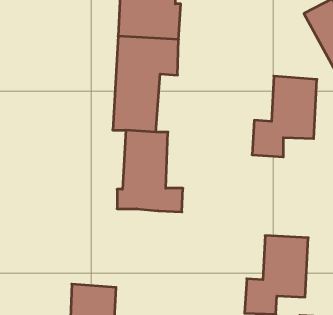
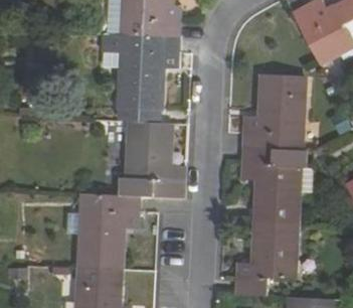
building: none -> [243,146,306,223]
building: none -> [77,194,138,270]

